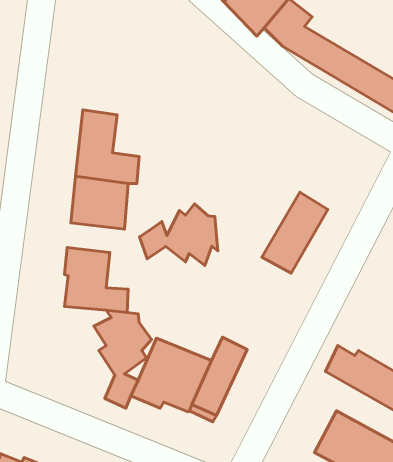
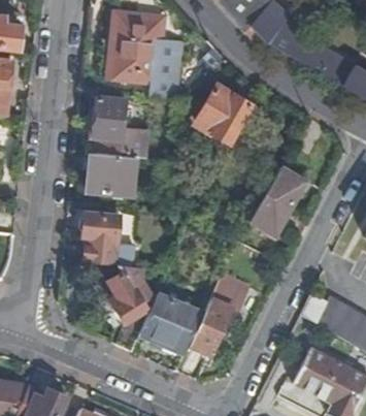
building: none -> [104,17,182,100]
building: none -> [197,83,253,142]
building: [139,204,218,265] -> none

